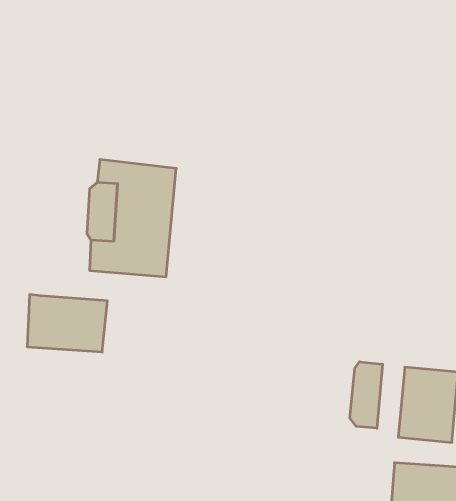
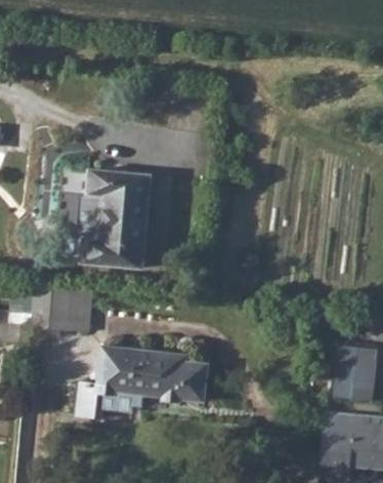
building: [350,362,382,428] -> none
building: none -> [77,347,208,419]

